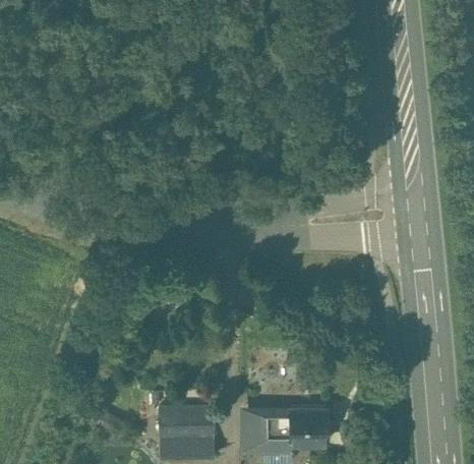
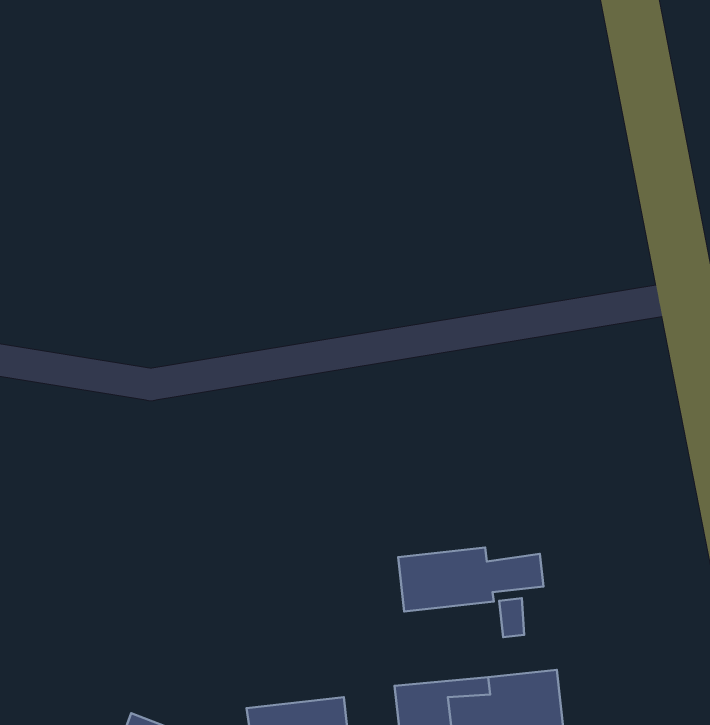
building: none -> [398,547,543,612]

